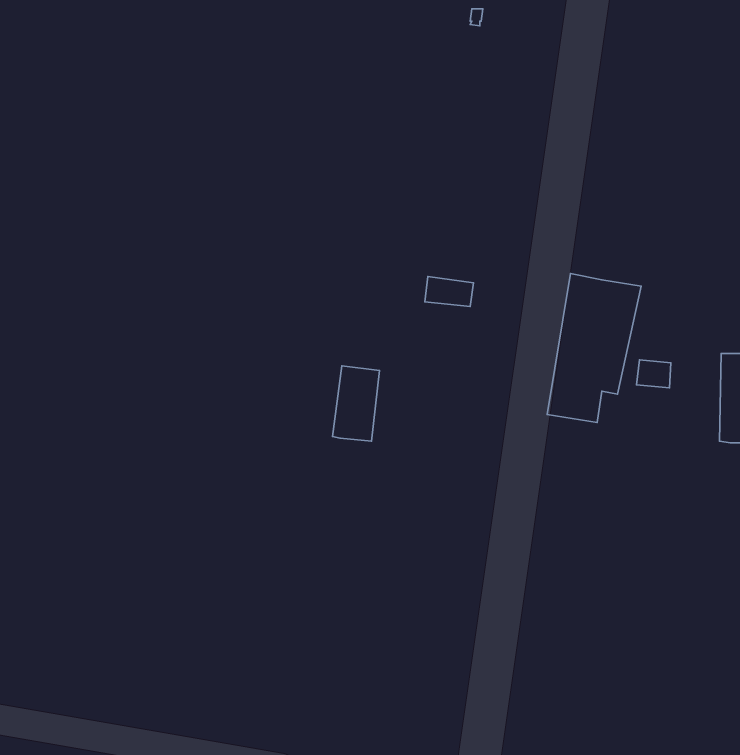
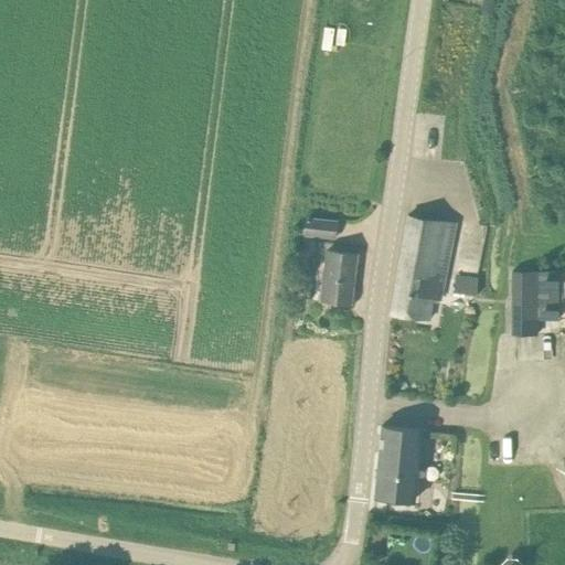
building: [332,366,379,441] -> [324,252,358,305]
building: none -> [375,427,420,502]

